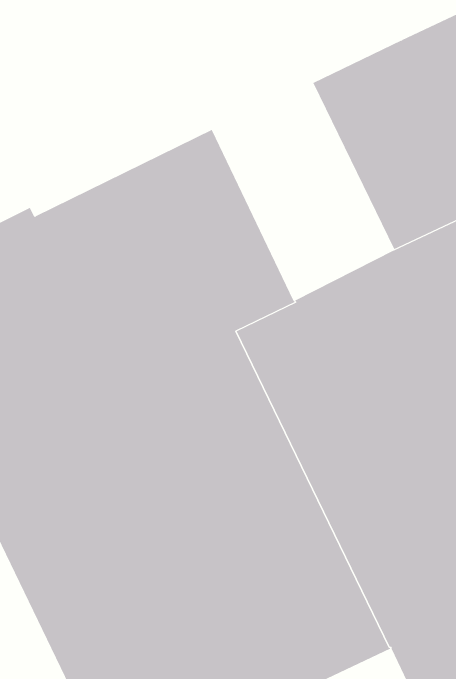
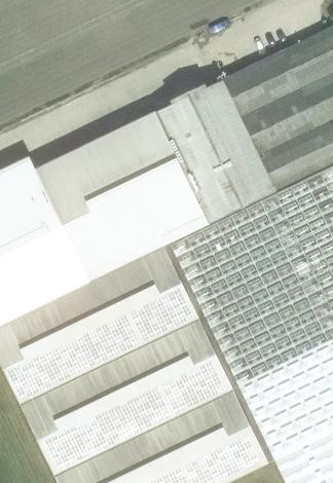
building: none -> [155,80,276,226]

